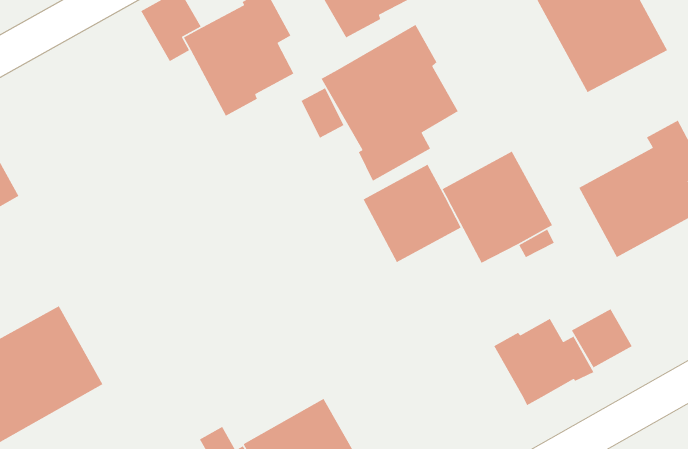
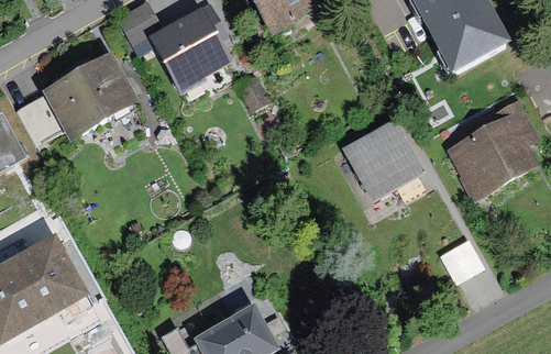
building: [321,24,459,182] -> none
building: none -> [16,51,140,141]
building: [362,164,462,263] -> none
building: [493,318,595,406] -> none

